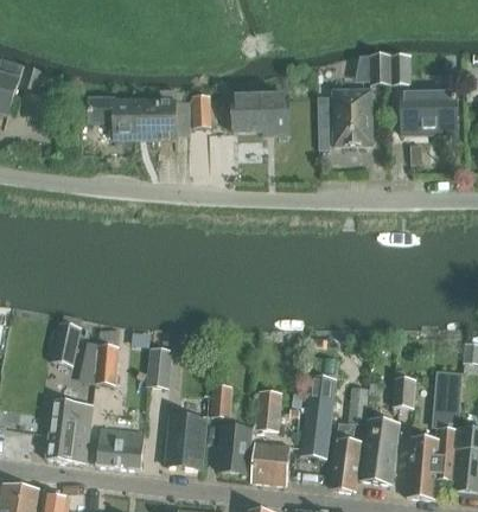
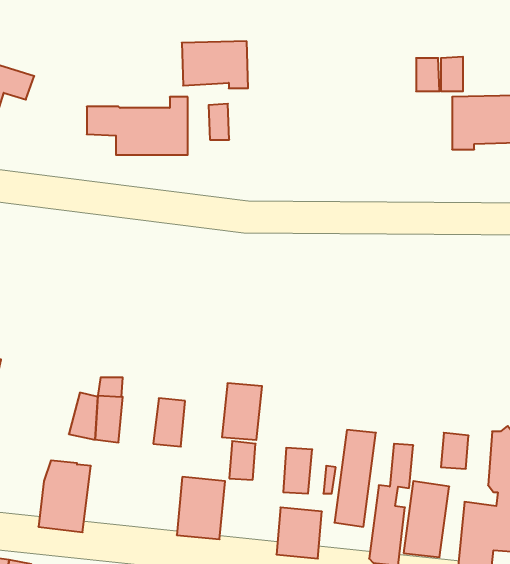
building: [332,89,371,145] -> none
building: [232,95,289,135] -> [182,41,248,88]
building: [50,321,79,364] -> none
building: [217,424,251,473] -> [222,383,262,440]
building: [96,427,144,469] -> none

